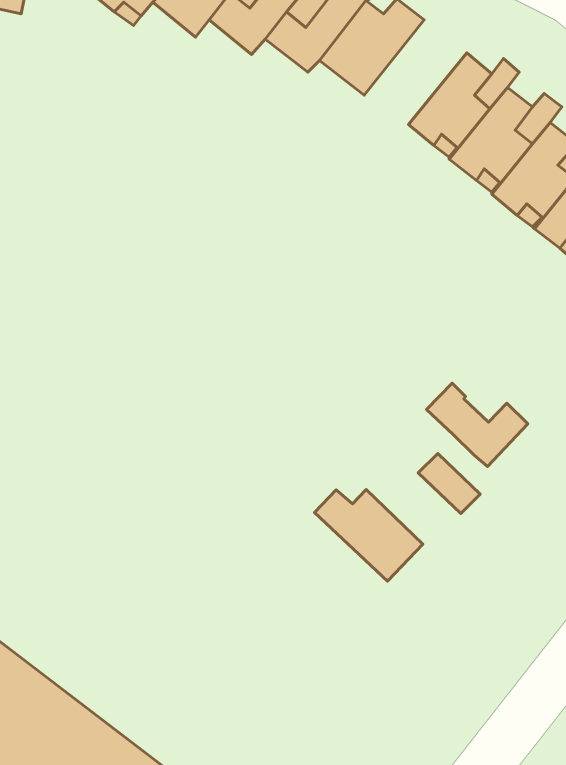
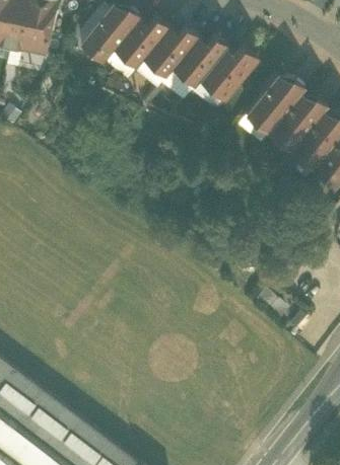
building: [426,383,528,467] -> none
building: [315,489,423,581] -> none

